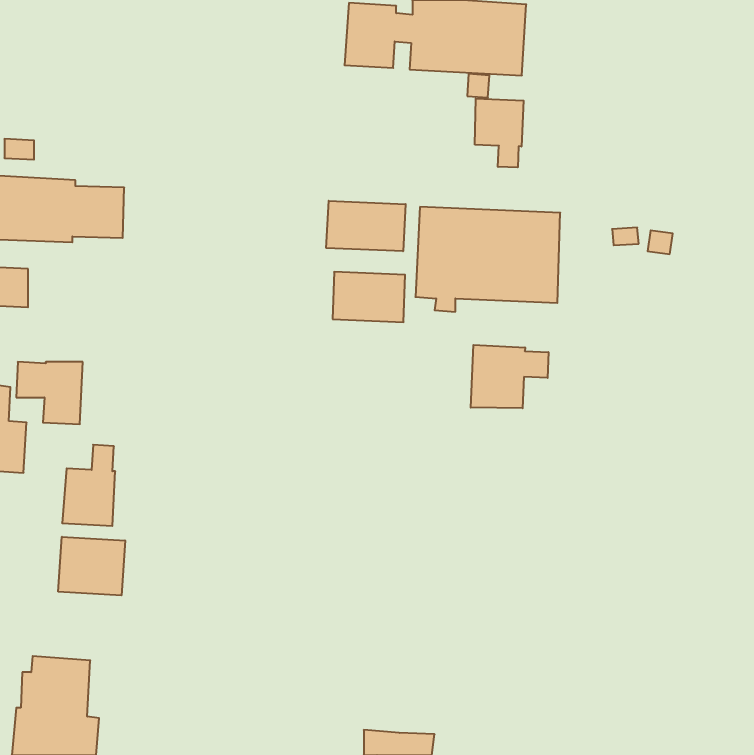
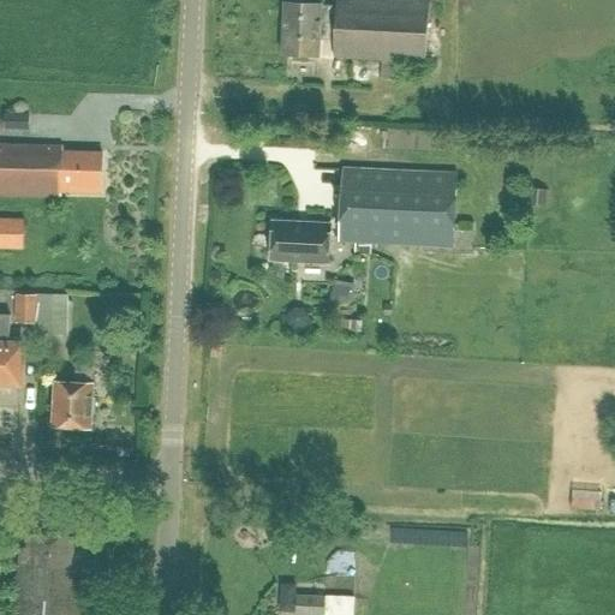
building: [475,98,524,167] -> none
building: [326,201,406,251] -> none
building: [471,345,548,408] -> none
building: [58,537,125,595] -> none

